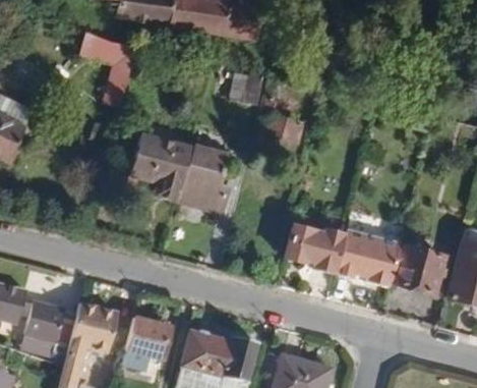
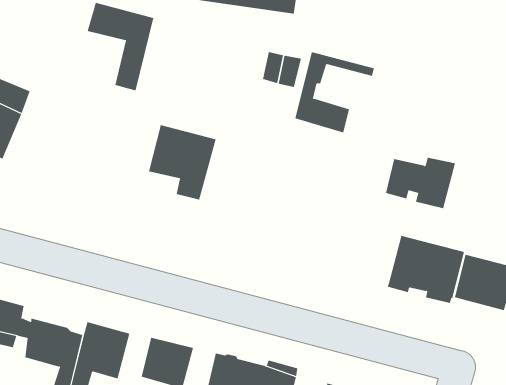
building: [178,147,227,212] -> none
building: [285,226,345,270] -> [385,157,456,209]

